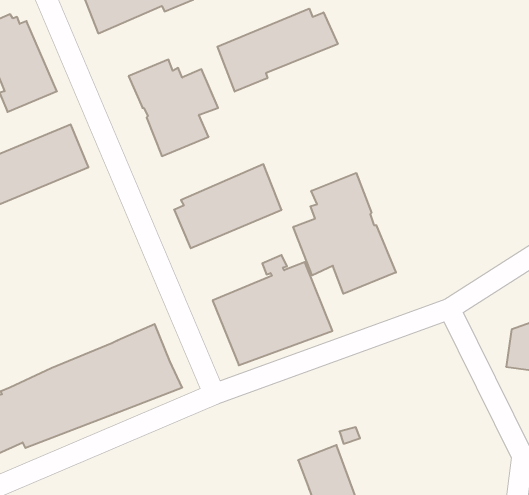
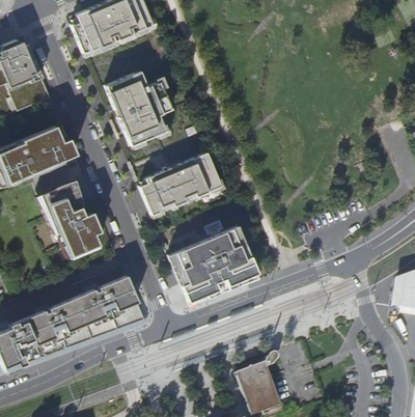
building: [217,9,338,92] -> none
building: [293,173,396,294] -> none
building: none -> [34,178,100,258]

